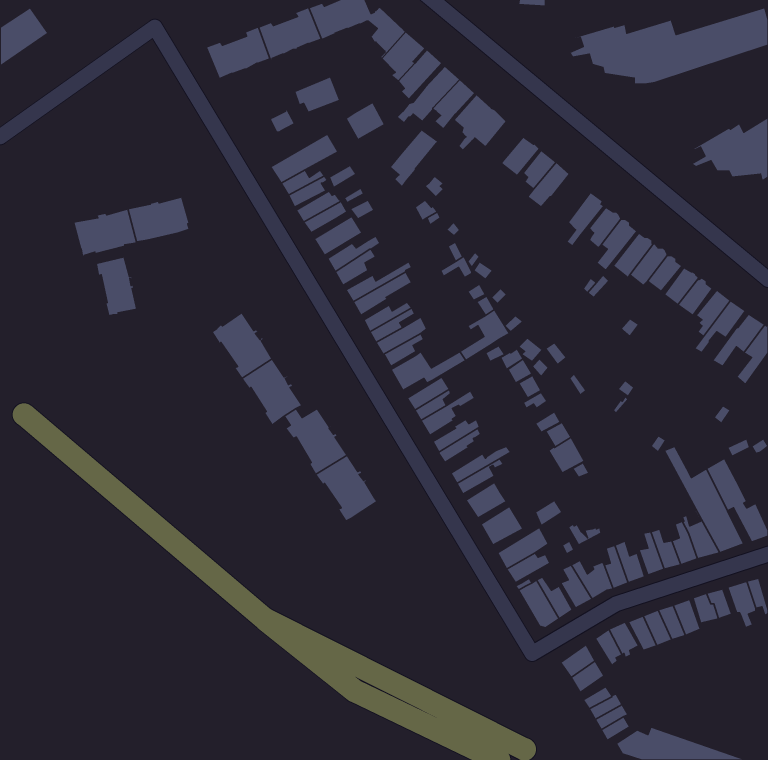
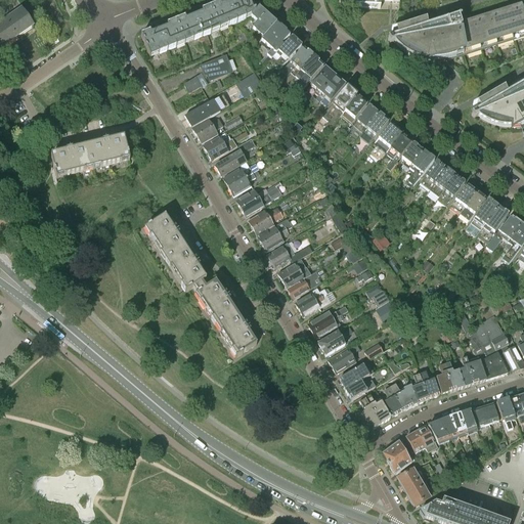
building: [390,130,438,187] -> [324,84,357,123]
building: none -> [375,121,402,151]
building: [96,257,137,316] -> none

